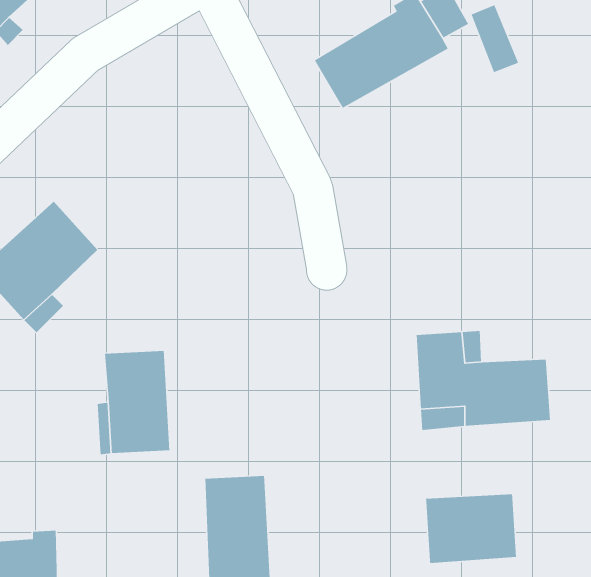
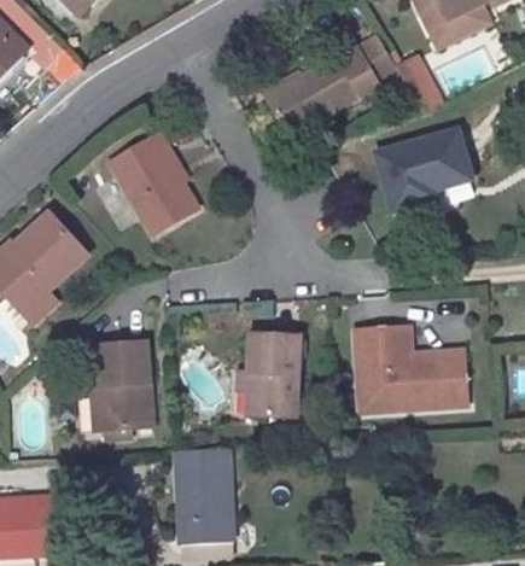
building: none -> [371,122,476,209]
building: none -> [110,140,197,241]
building: none -> [246,337,301,416]
building: [425,493,517,564] -> none

